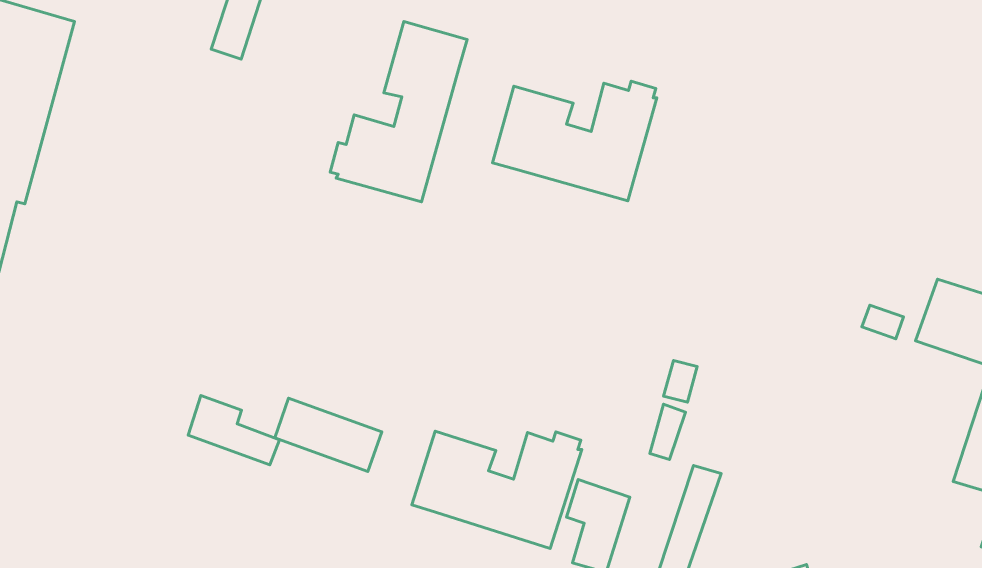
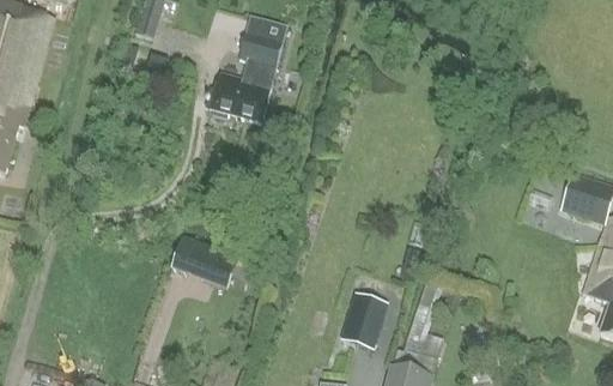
building: [492,81,657,201] -> none
building: [188,395,280,465] -> none
building: [412,431,582,549] -> none

